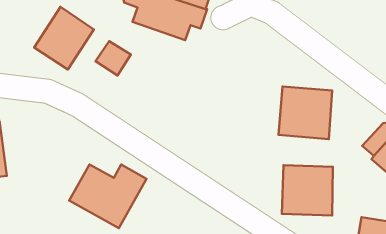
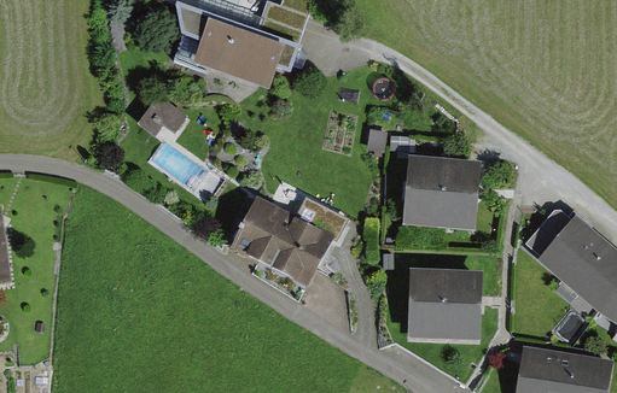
building: [34,7,94,69] -> none
building: [69,165,146,228] -> [223,194,334,286]

